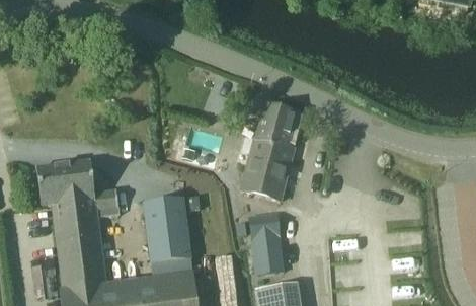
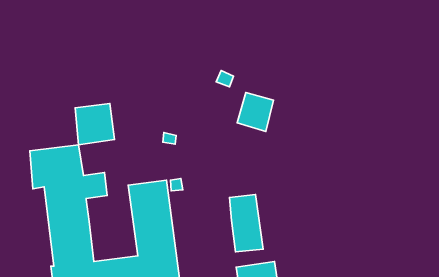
building: none -> [75,103,114,145]
building: [241,136,295,199] -> none

